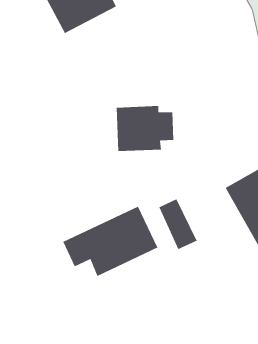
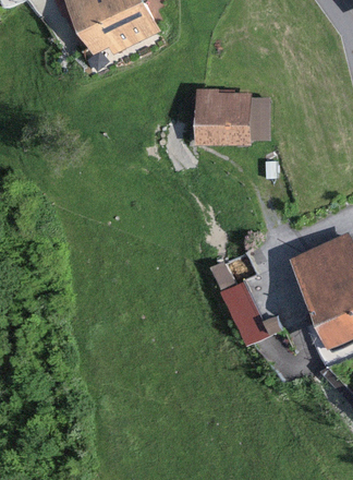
building: [116,106,174,152] -> [193,88,265,145]
building: [62,206,158,277] -> none

